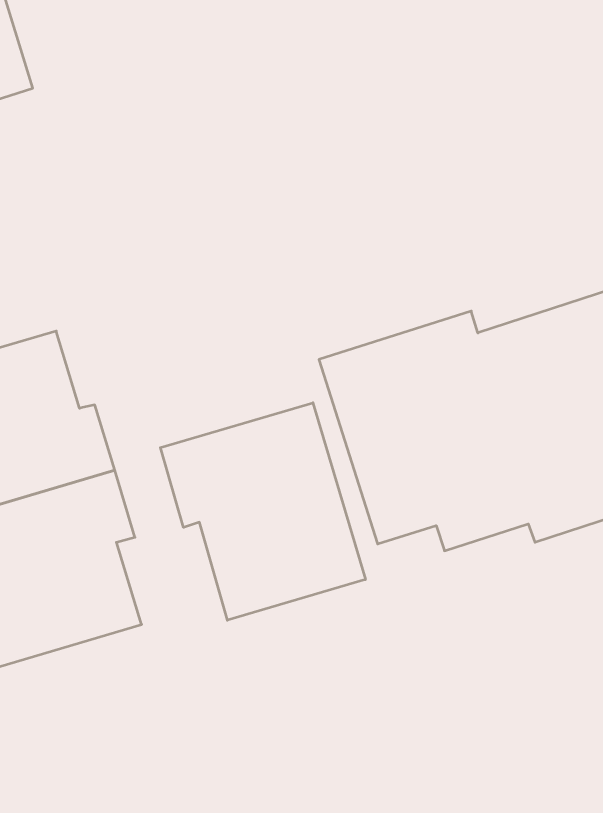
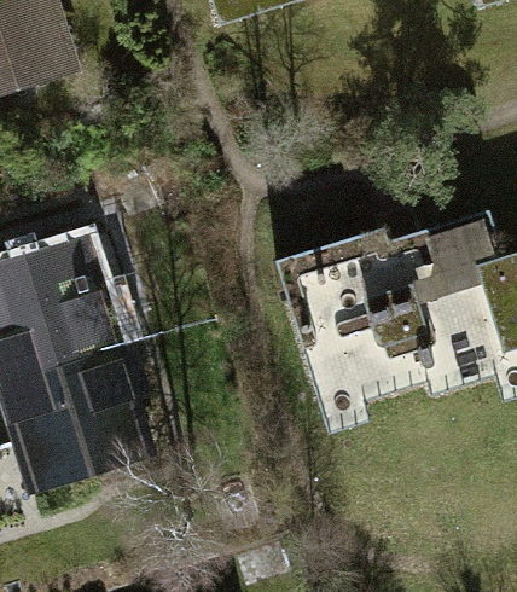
building: [160,403,365,620] -> none

